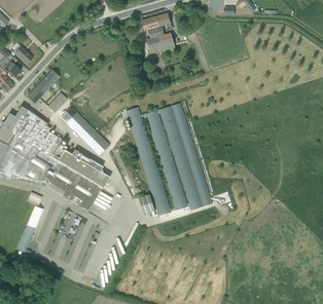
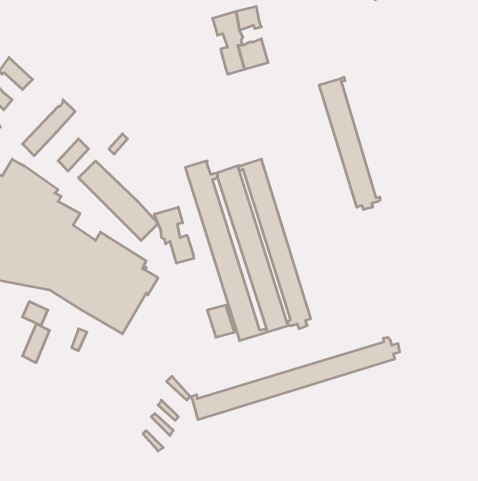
building: none -> [319,77,380,210]
building: none -> [154,207,194,263]
building: none -> [190,337,400,420]

